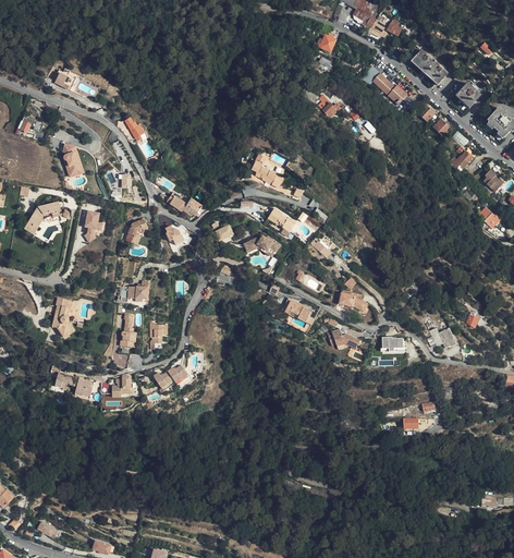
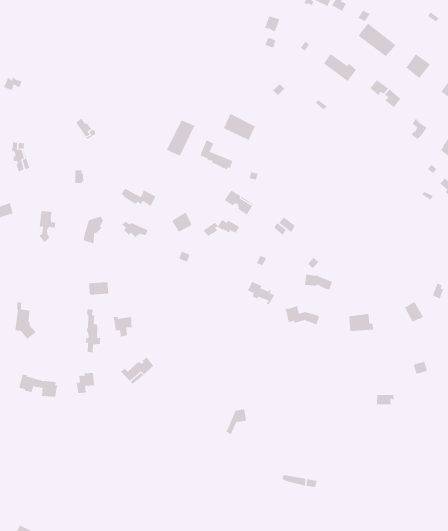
building: none -> [223,113,255,141]
building: none -> [166,120,195,157]

